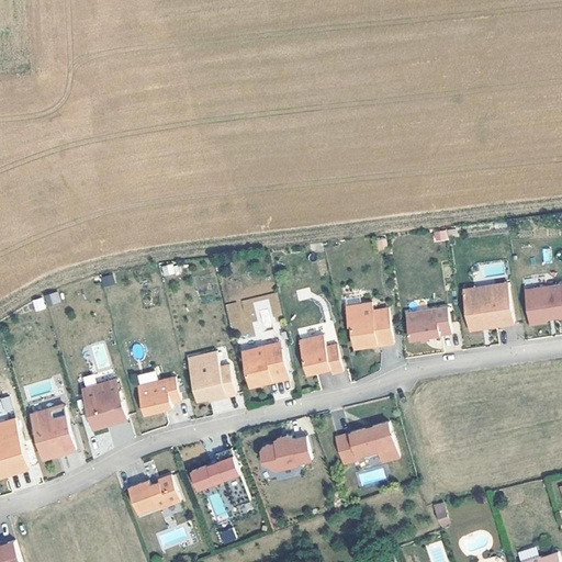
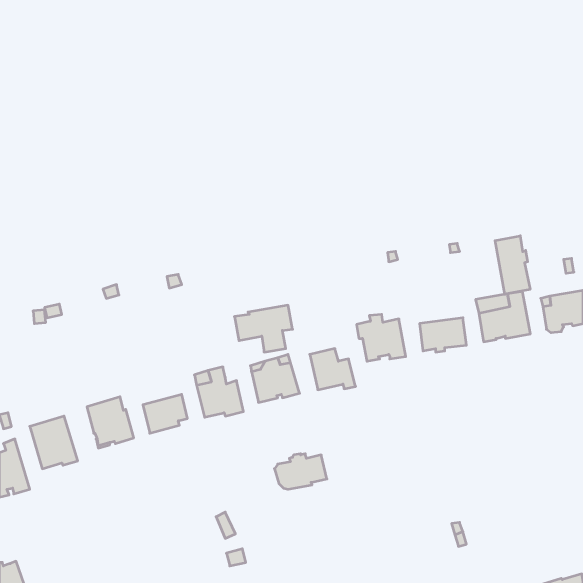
building: none -> [495,236,530,294]
building: [334,420,396,464] -> none
building: [187,458,238,494] -> none
building: [134,476,186,514] -> none

